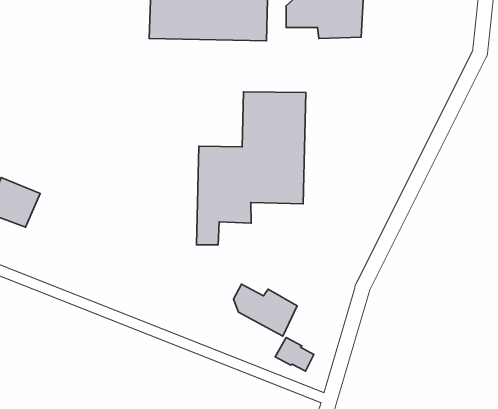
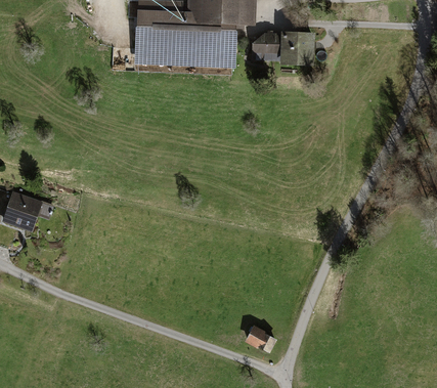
building: [197,92,306,245] -> none
building: [234,284,297,336] -> none

